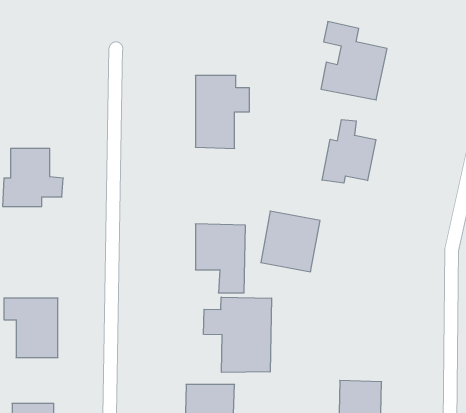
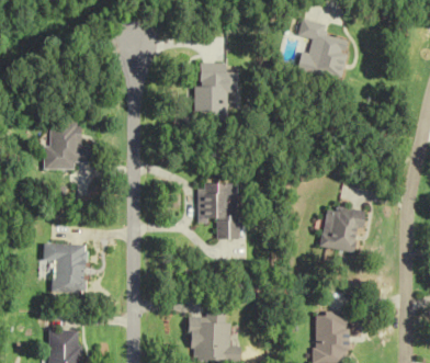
building: [322,120,376,183] -> none
building: [261,211,320,272] -> [318,204,366,253]
building: [204,297,272,372] -> none

